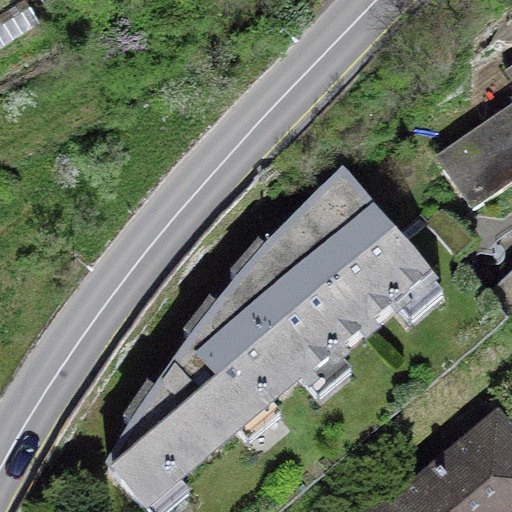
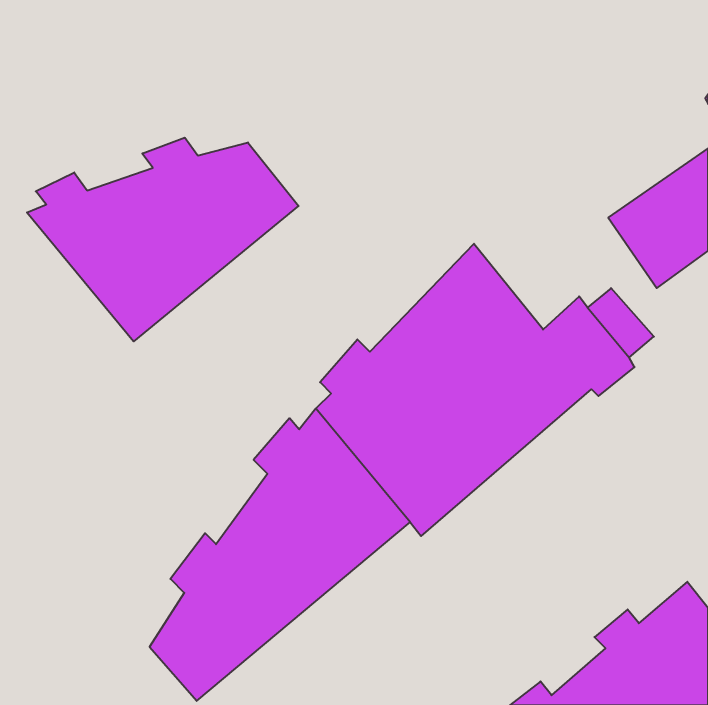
building: none -> [27,138,299,341]

